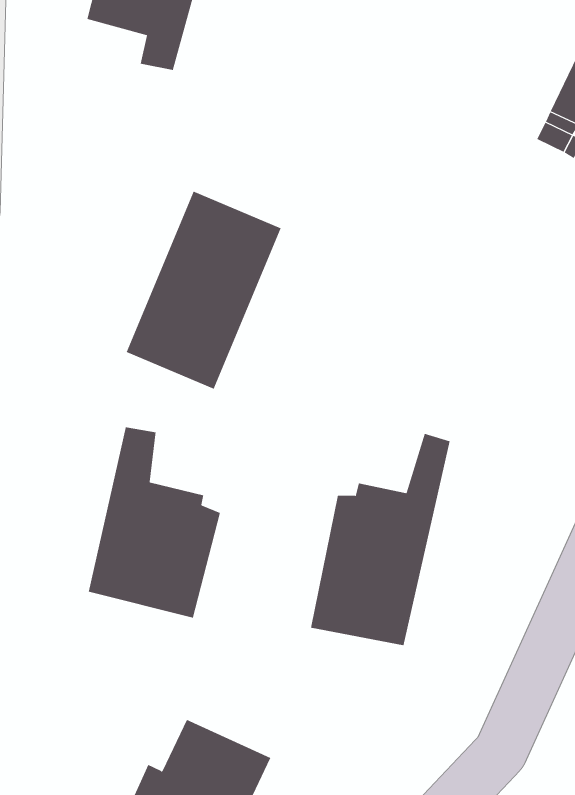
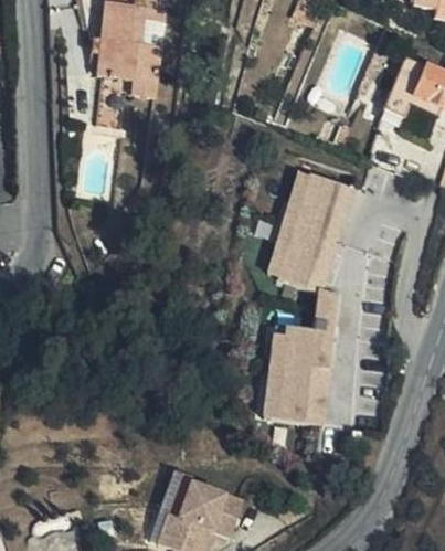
building: [126,191,282,389] -> [267,173,356,294]
building: [88,426,221,618] -> none

